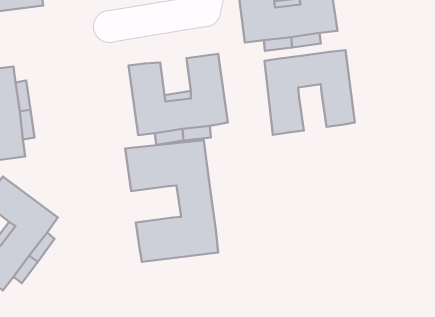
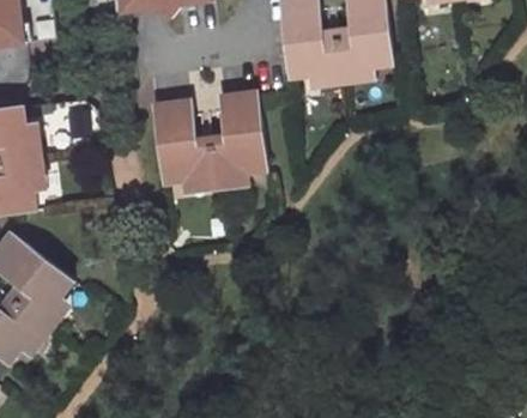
building: [264,50,355,135] -> none
building: [125,140,218,262] -> none

